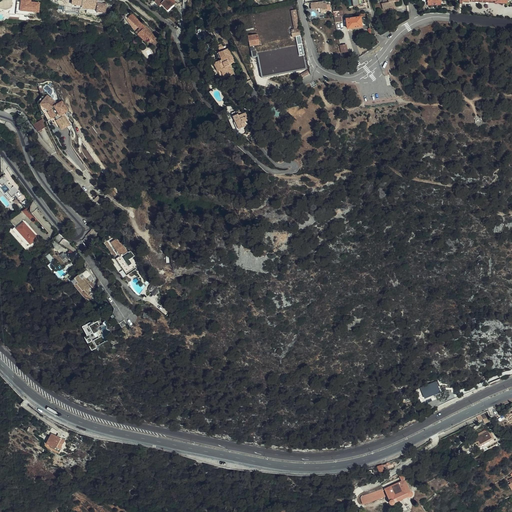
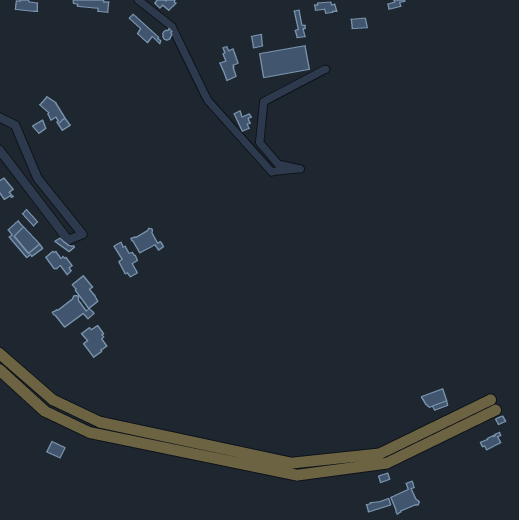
building: none -> [131,228,164,253]
building: none -> [52,296,94,327]

